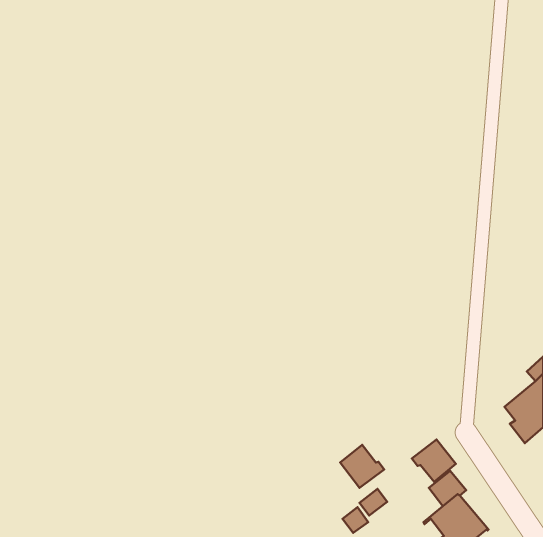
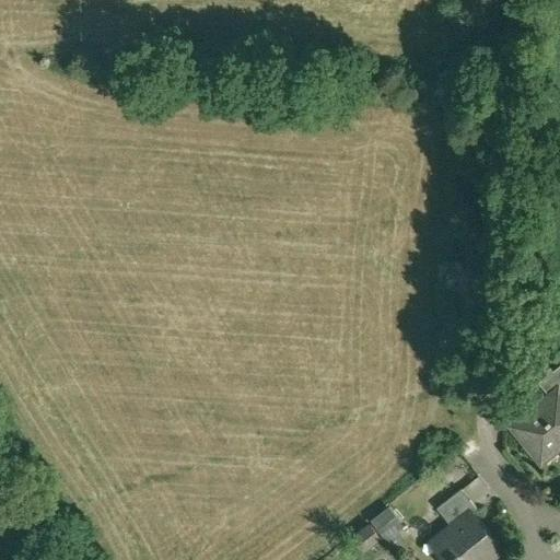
building: [412,440,456,482] -> none
building: [340,445,384,488] -> none

